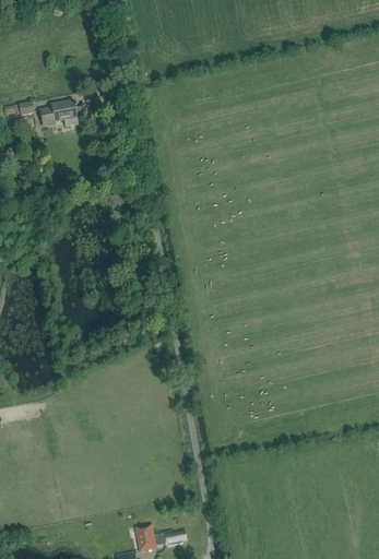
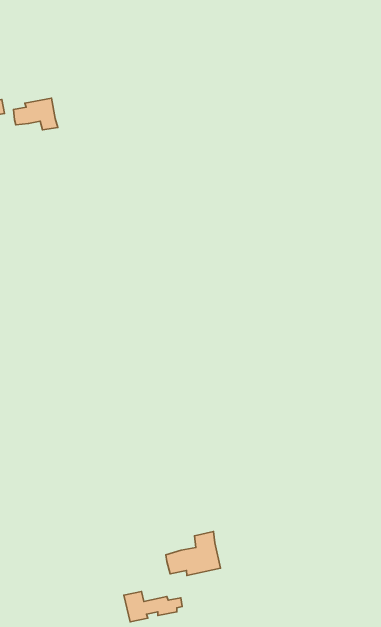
building: none -> [166,531,220,576]

